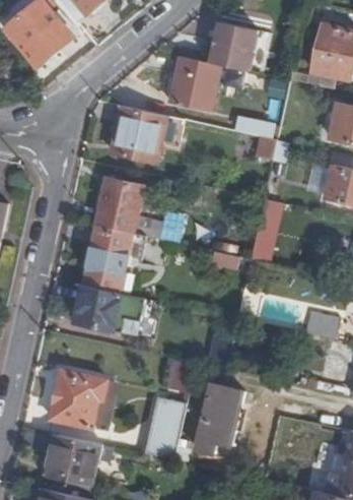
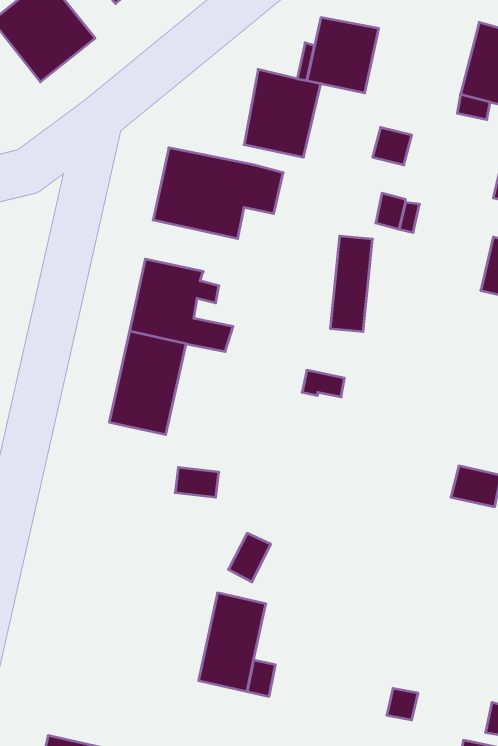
building: [252,198,279,260] -> [330,236,373,332]
building: [74,286,122,328] -> none
building: [48,371,104,429] -> none
building: [193,373,243,453] -> none
building: [37,433,90,486] -> none

